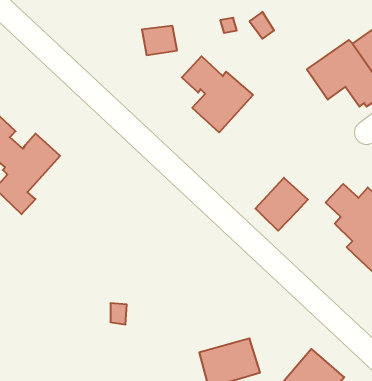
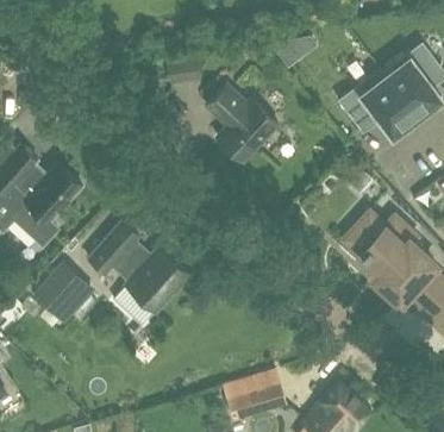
building: [255,178,308,231] -> none
building: none -> [88,223,190,313]
building: none -> [35,264,90,320]

